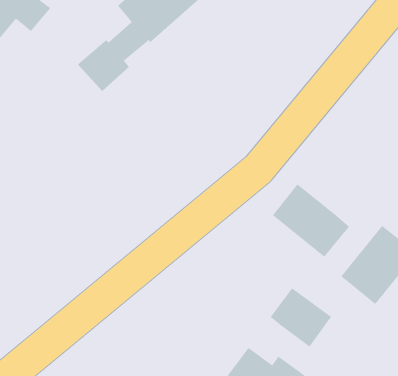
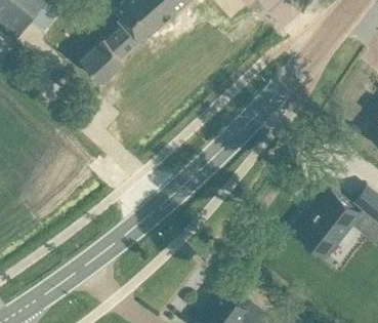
building: [272,183,350,257] -> none
building: [270,287,332,347] -> none

